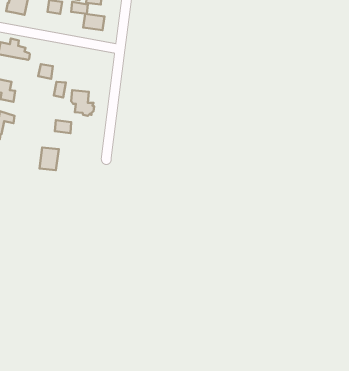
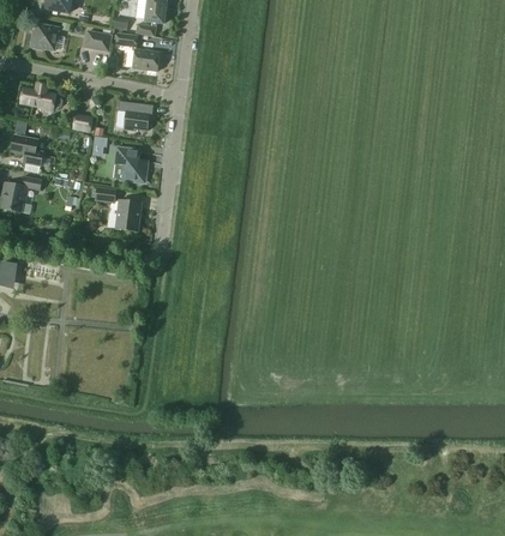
building: none -> [118,101,152,131]
building: [39,147,59,170] -> [115,199,140,229]

